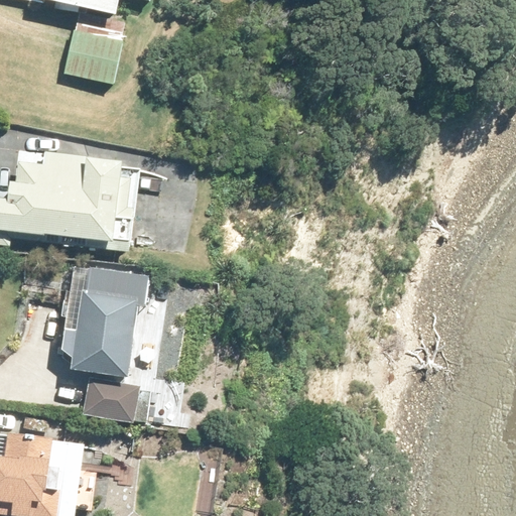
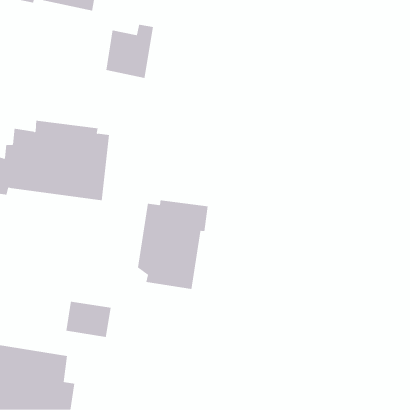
building: [63,16,124,84] -> [106,24,154,78]
building: [60,265,149,377] -> [137,200,208,289]

